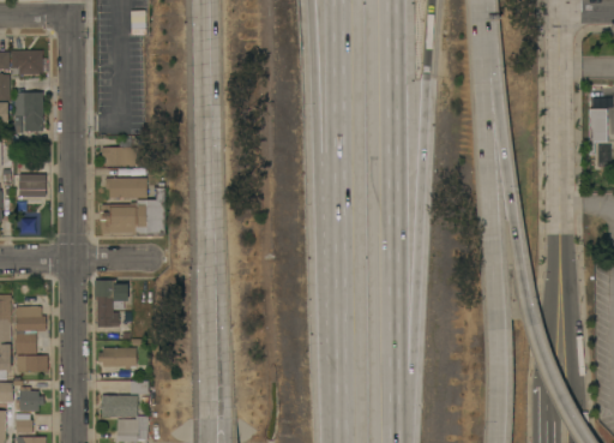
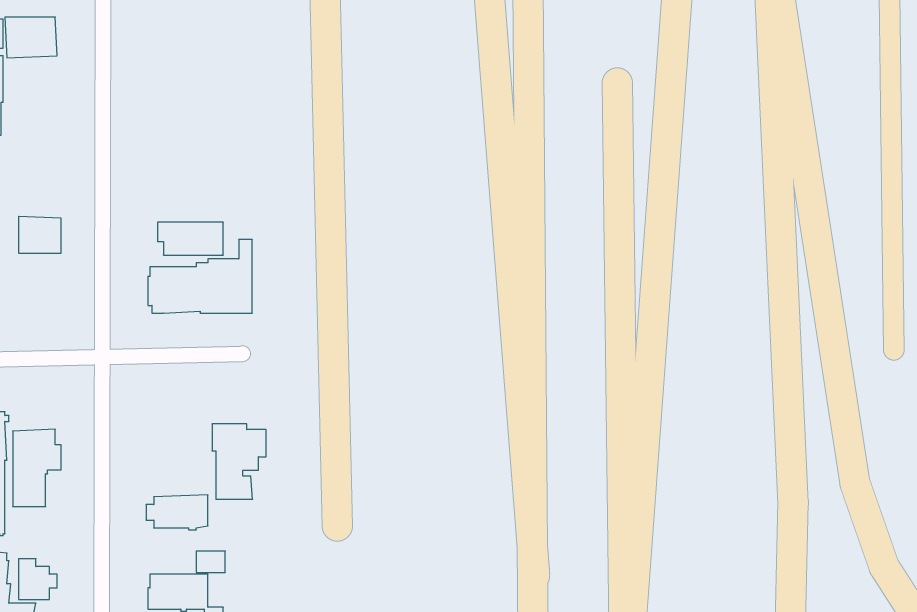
building: [14,91,43,130] -> none
building: [102,137,137,164] -> none
building: [92,280,126,327] -> [212,424,266,499]
building: [17,354,48,371] -> none

